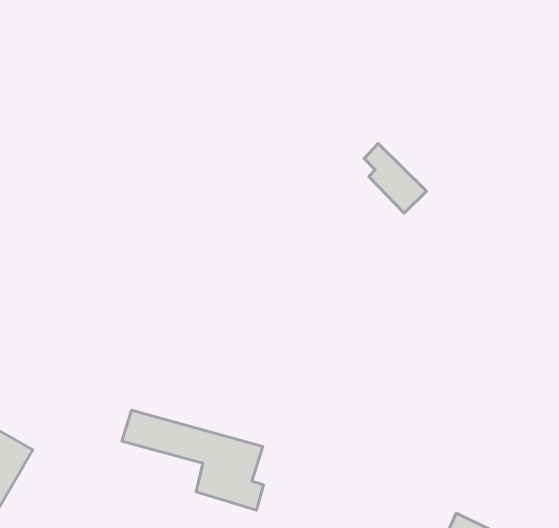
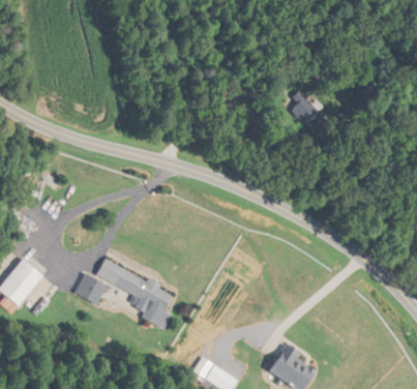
building: [364,143,426,213] -> [288,89,320,130]
building: none -> [76,273,107,303]

